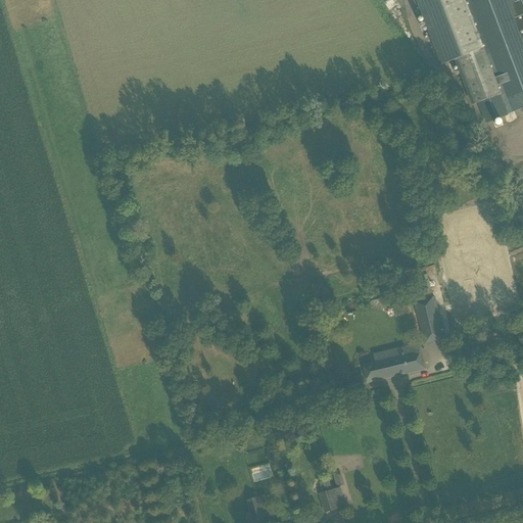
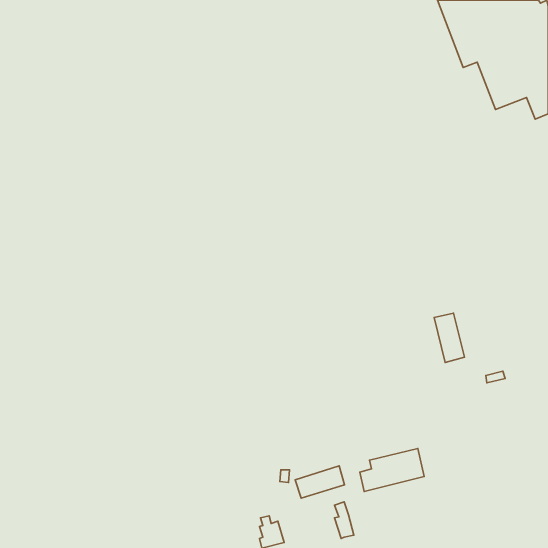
building: [364,342,425,383] -> [360,449,424,491]
building: none -> [295,466,344,498]

